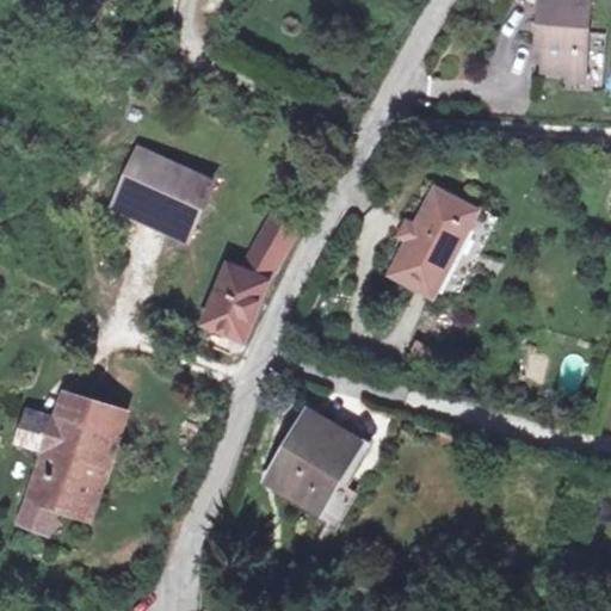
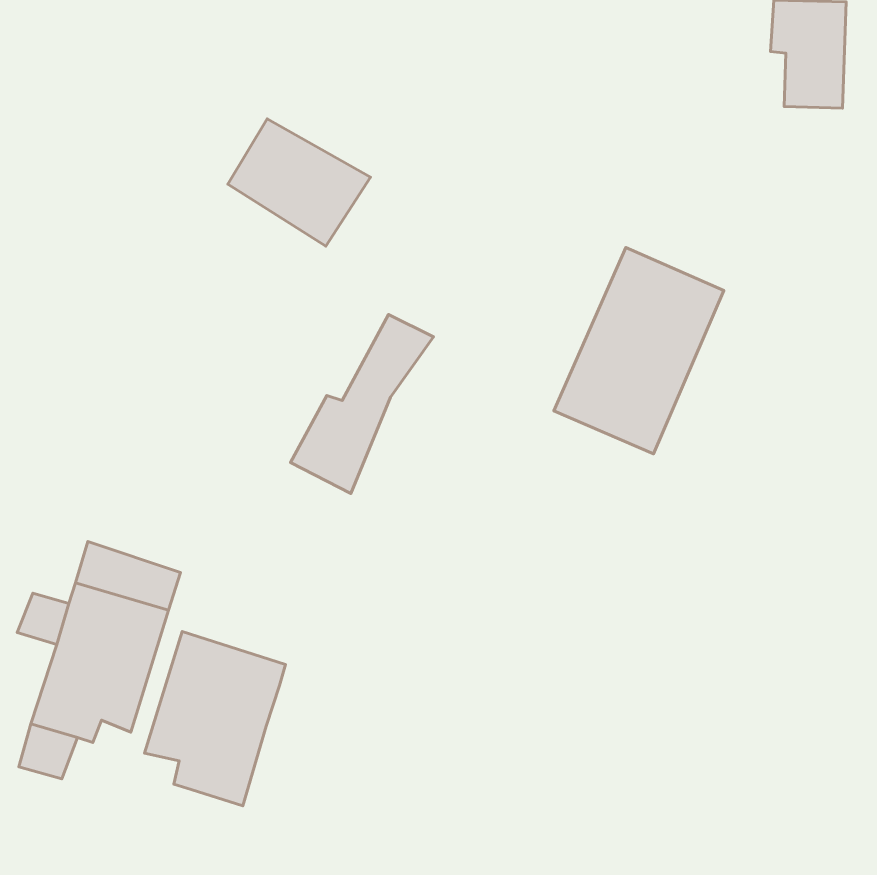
building: [111,147,210,235] -> [228,119,370,246]
building: [272,412,363,506] -> none
building: none -> [145,631,285,806]

